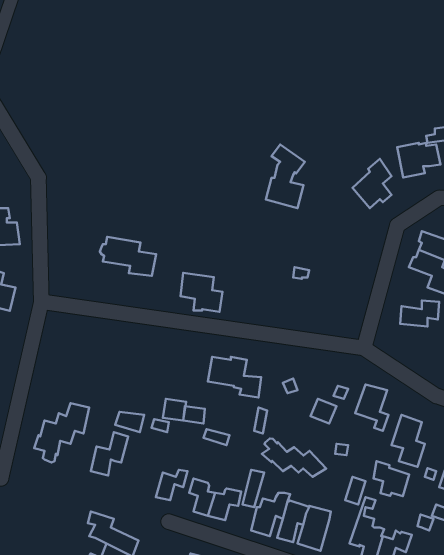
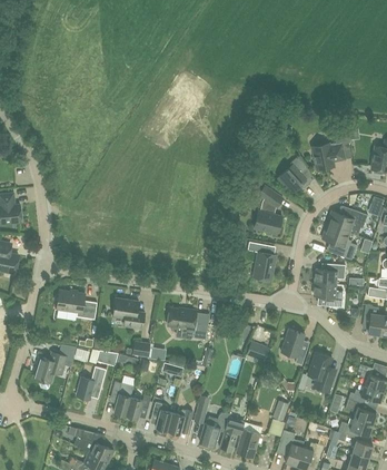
building: [266,145,305,208] -> [254,185,284,234]
building: [100,237,156,276] -> [53,288,97,319]
building: none -> [248,241,276,281]
building: [180,273,222,312] -> [112,297,145,327]
building: none -> [314,282,343,306]
building: [262,438,326,477] -> none
building: none -> [110,381,133,415]
building: [374,461,409,496] -> none

